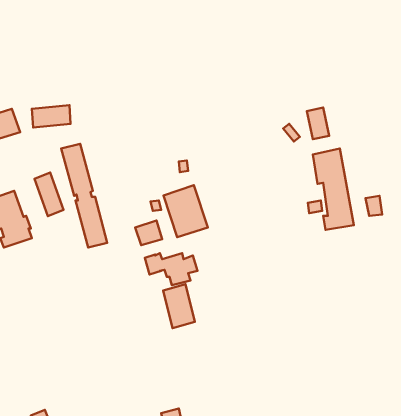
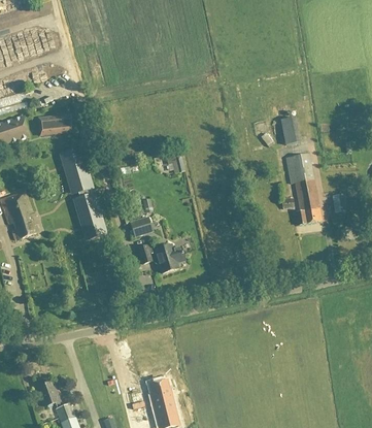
building: [34,173,63,216] -> none
building: [164,185,208,237] -> none
building: [163,284,195,328] -> none

